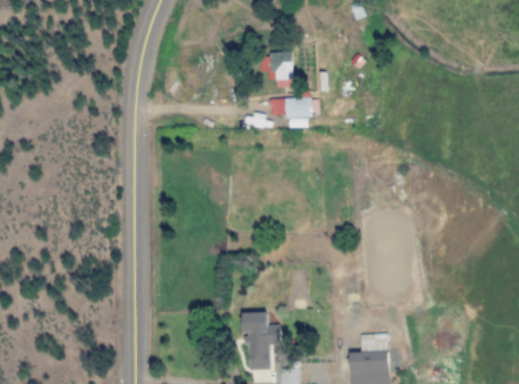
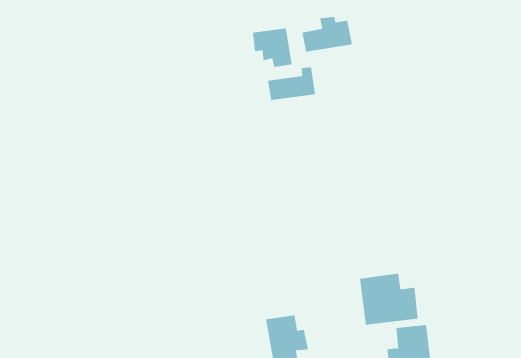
building: none -> [302,16,353,52]
building: none -> [360,273,418,325]

